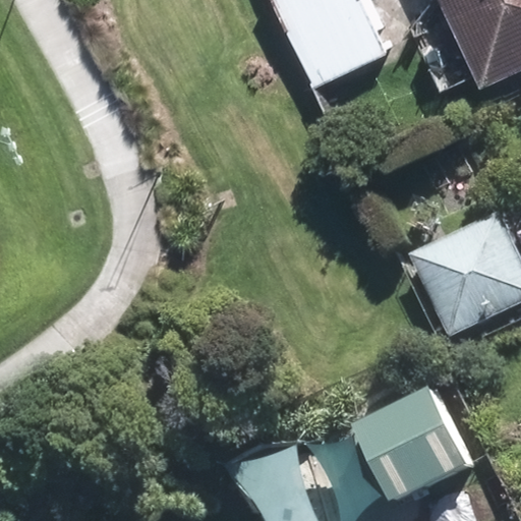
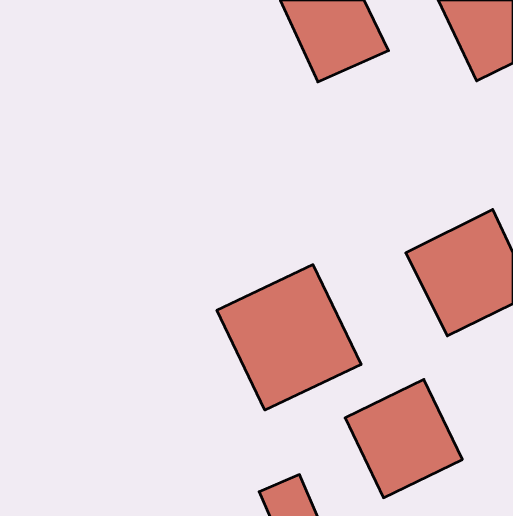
building: none -> [217,265,361,410]

